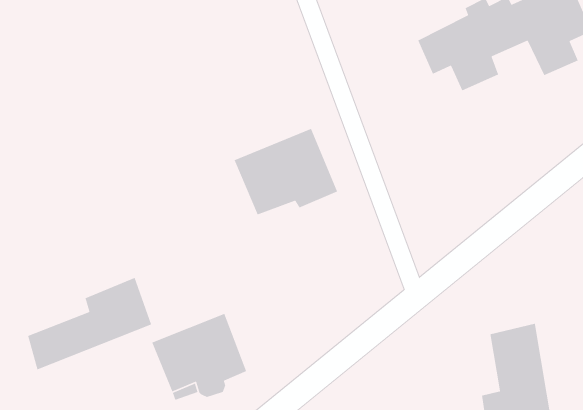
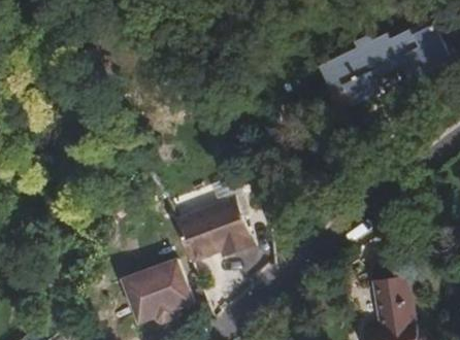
building: [234,128,338,216] -> [175,201,253,266]
building: [27,277,152,371] -> none

